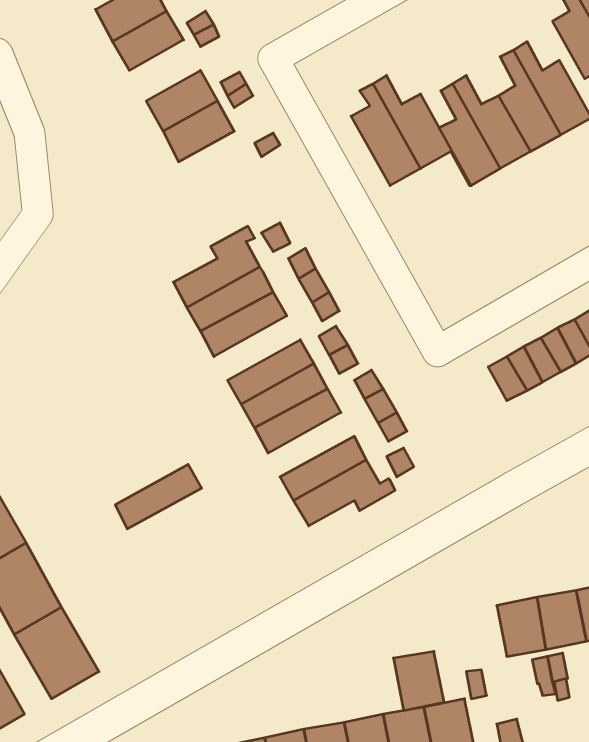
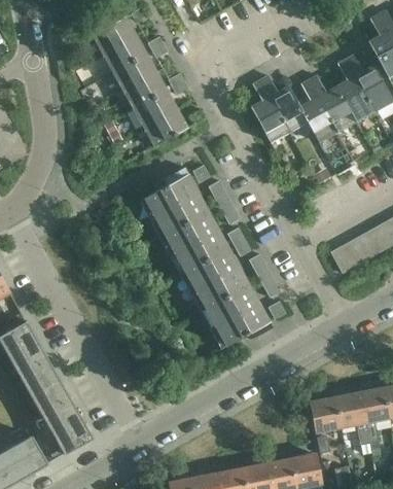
building: none -> [112,53,155,90]
building: none -> [142,108,186,145]
building: none -> [164,220,216,259]
building: [115,464,202,529] -> [196,279,249,318]
building: [393,651,444,711] -> [311,396,342,432]

